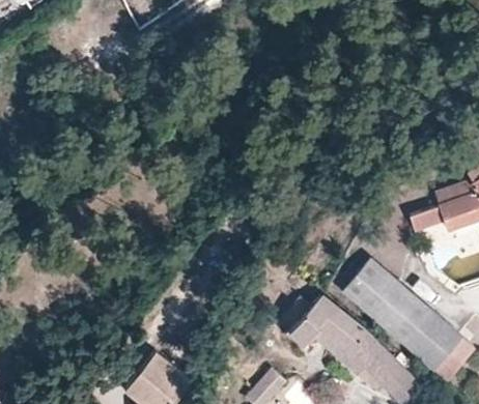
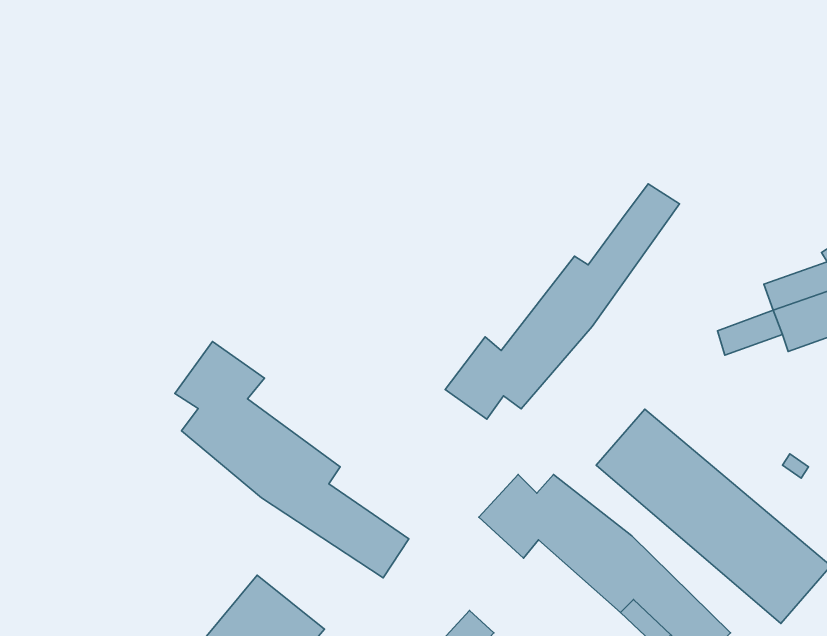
building: none -> [445,184,680,419]
building: none -> [175,341,409,578]

